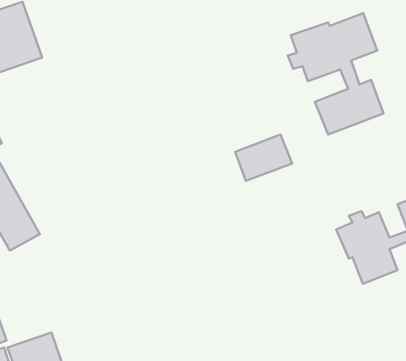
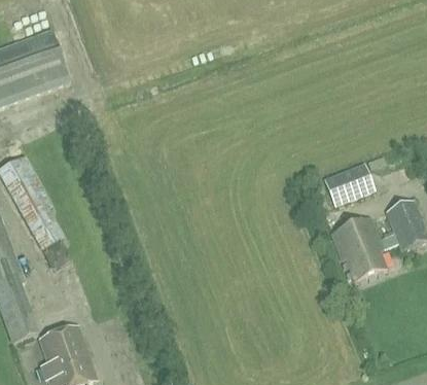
building: [288,13,383,135] -> none
building: [235,135,292,181] -> [323,164,373,205]

